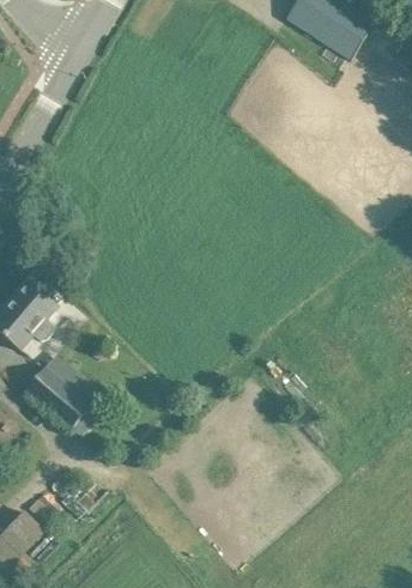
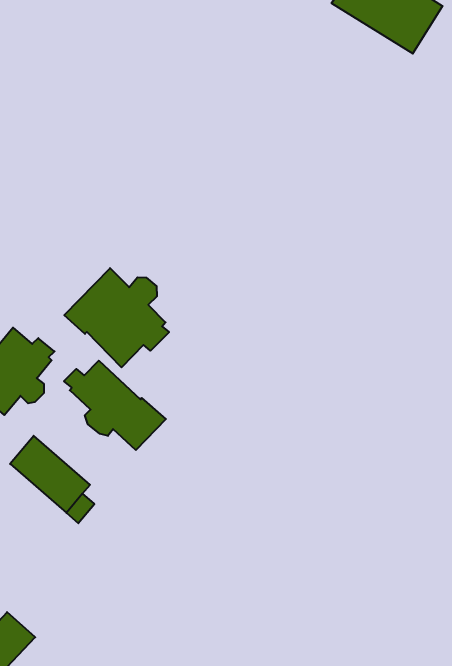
building: none -> [64,268,169,367]
building: none -> [64,361,166,450]

